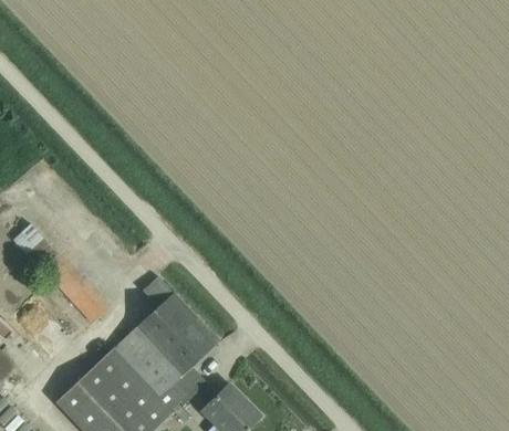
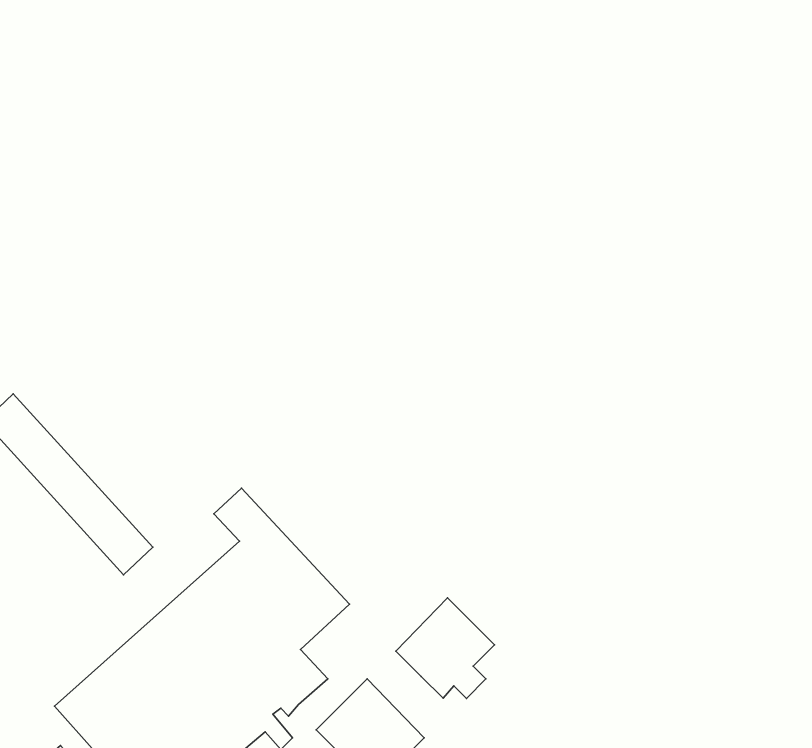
building: none -> [396,598,495,698]

